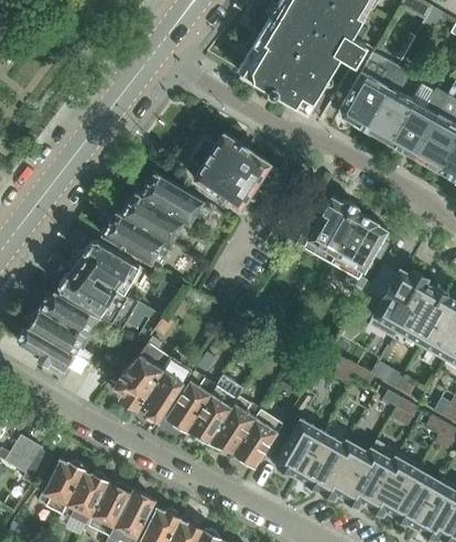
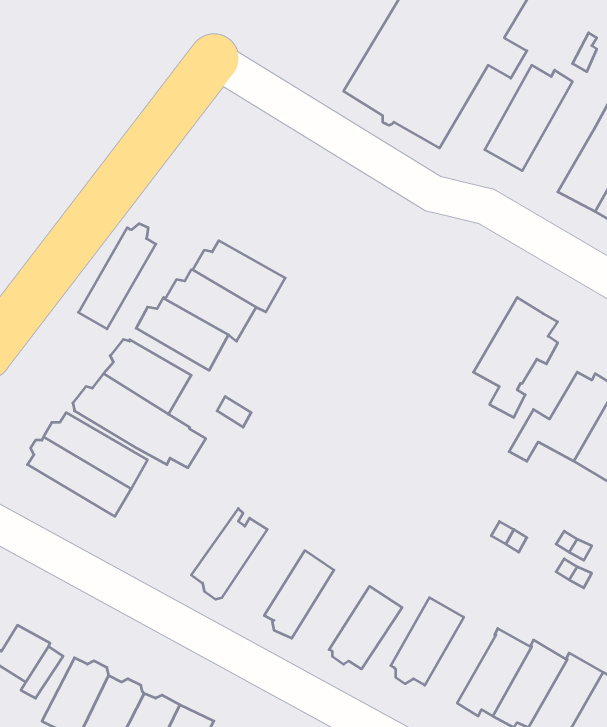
building: [363,67,412,142] -> none
building: [188,132,269,208] -> none
building: none -> [78,224,156,329]
building: [295,197,360,264] -> none
building: [17,327,87,376] -> none
building: [112,336,171,406] -> none
building: [165,371,216,432] -> none
building: [207,395,260,453] -> none
building: [297,431,346,491] -> none

